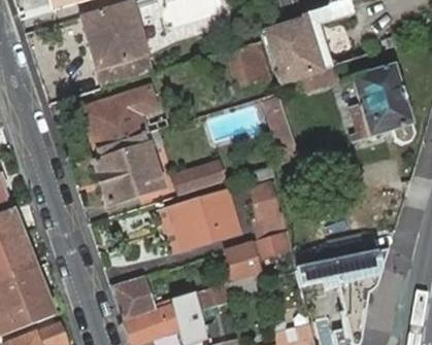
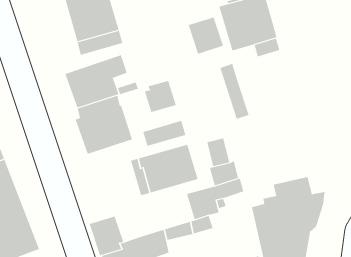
building: [344,65,414,145] -> none
building: none -> [144,80,176,113]

